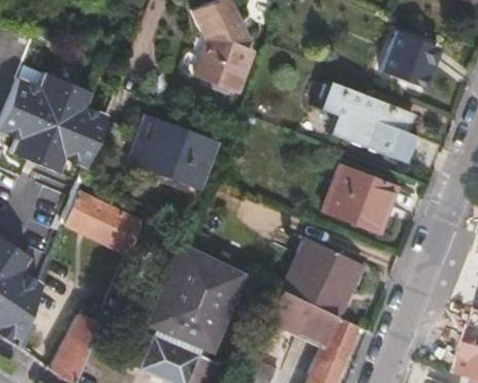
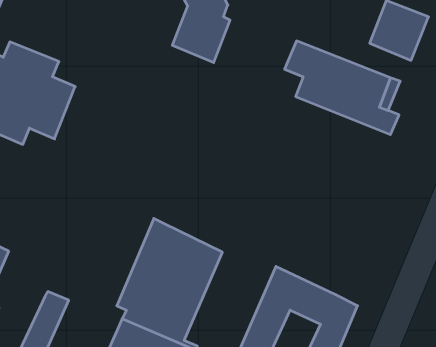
building: [133,118,216,191] -> none
building: [319,164,391,228] -> none
building: [61,190,140,256] -> none
building: [293,234,375,313] -> none

